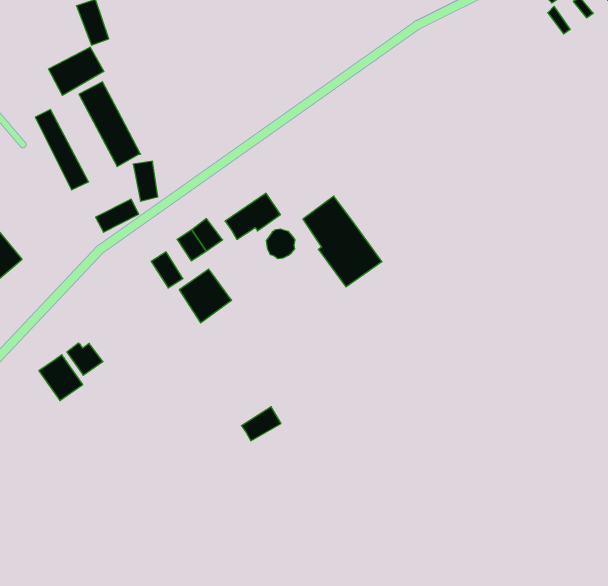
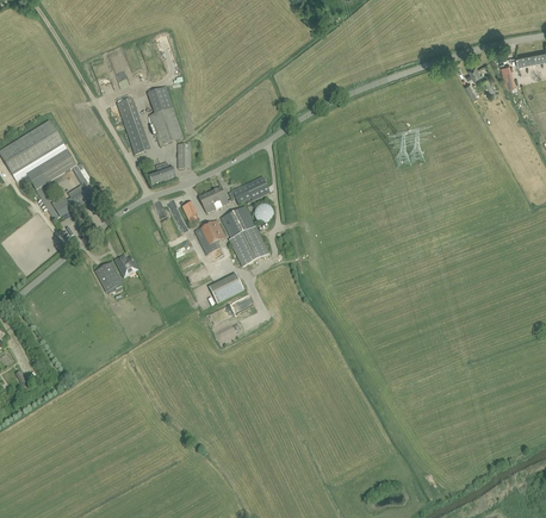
building: [49,47,104,95] -> none
building: [303,196,382,287] -> [221,205,268,266]
building: none -> [207,273,243,302]

